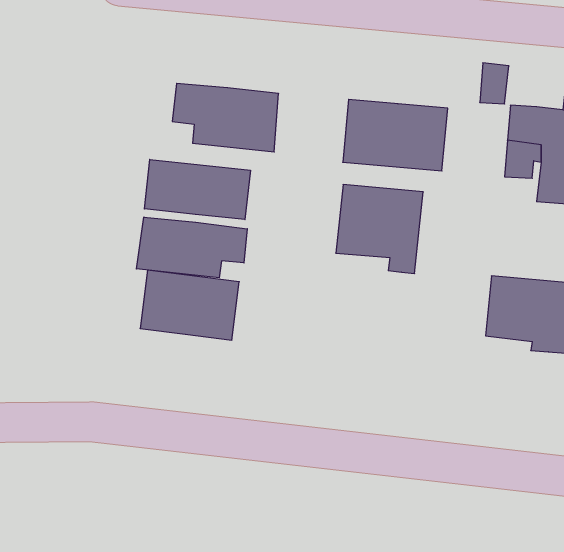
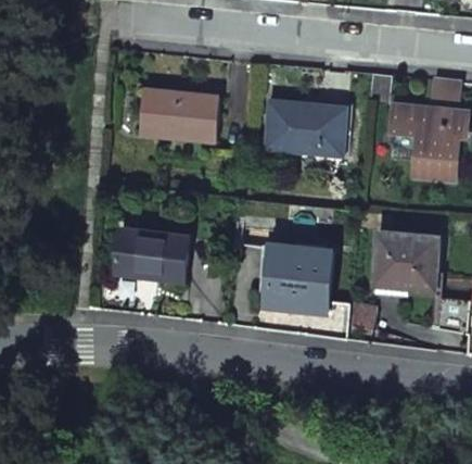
building: [144,159,250,220] -> none
building: [336,185,423,274] -> [268,244,333,311]
building: [136,217,247,278] -> none

